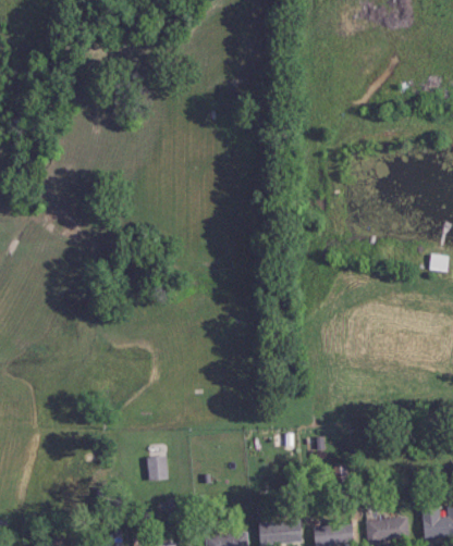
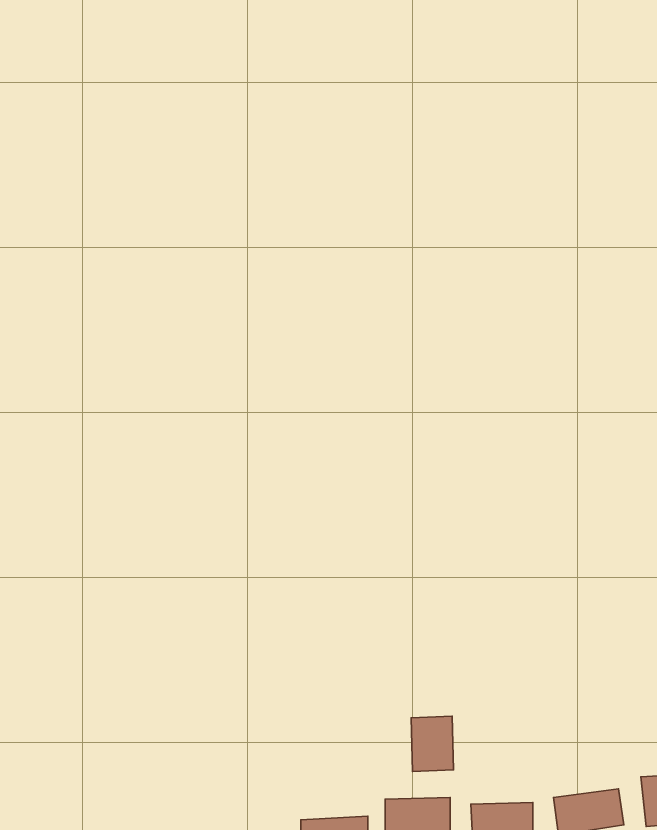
building: [146,454,169,480] -> none
building: none -> [411,716,454,772]

